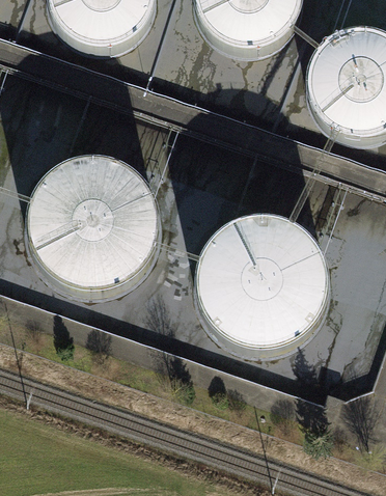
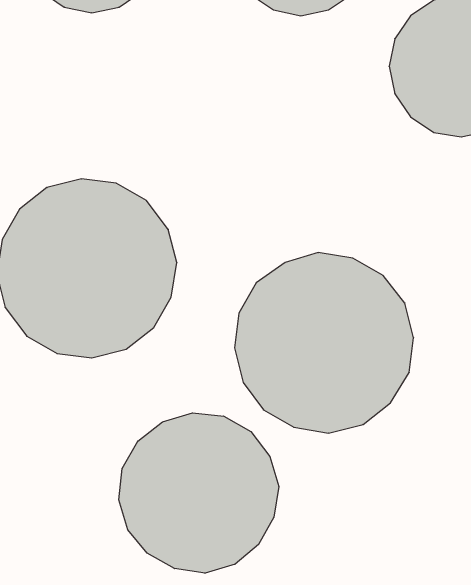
building: none -> [119,413,279,573]

